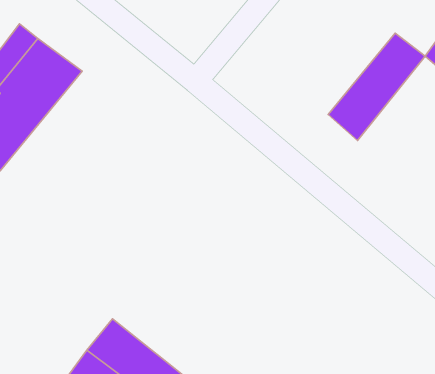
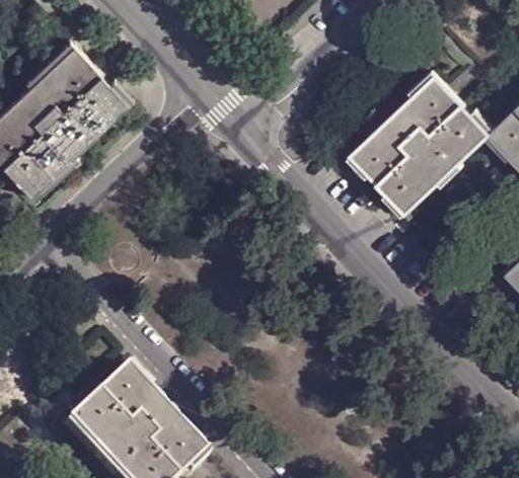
building: none -> [356,74,465,181]

